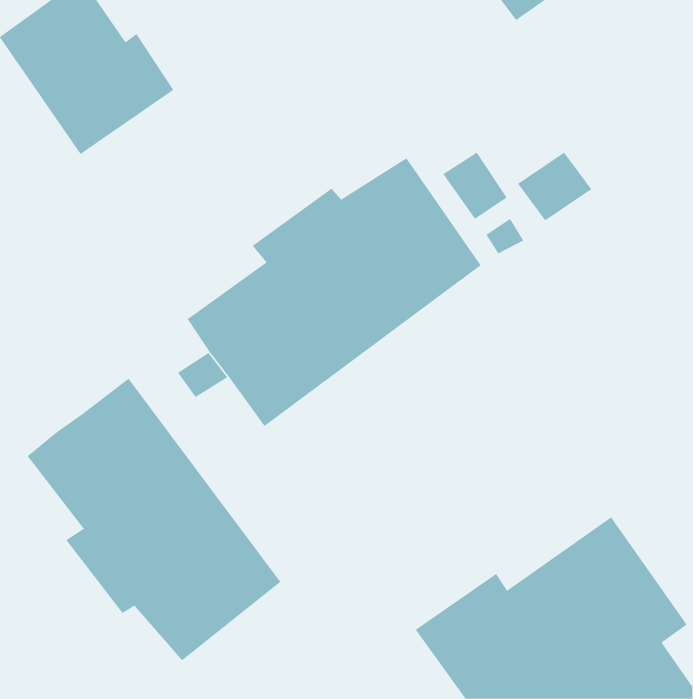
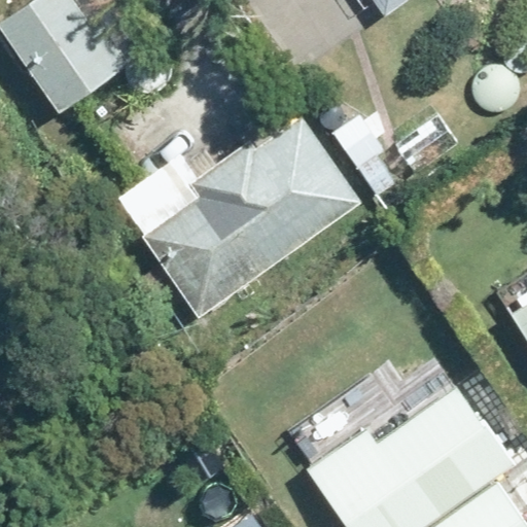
building: [27,378,281,661] -> none

